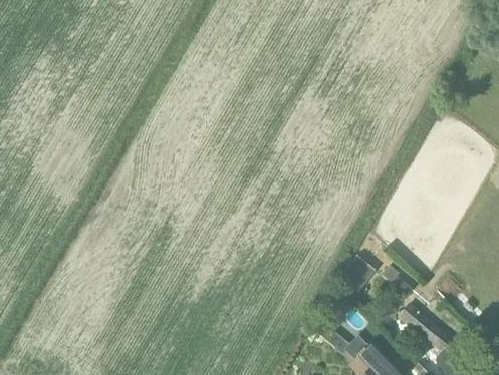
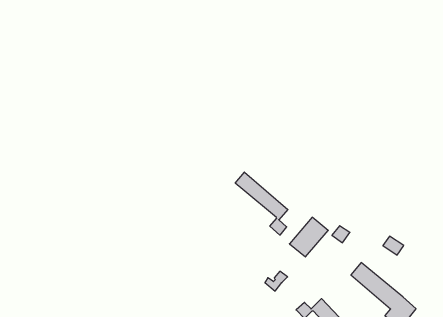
building: none -> [235,172,288,235]

